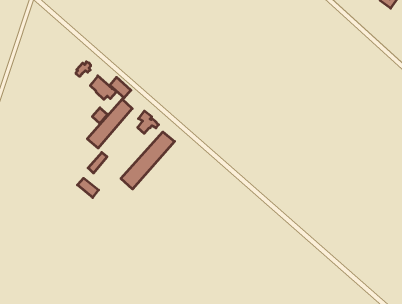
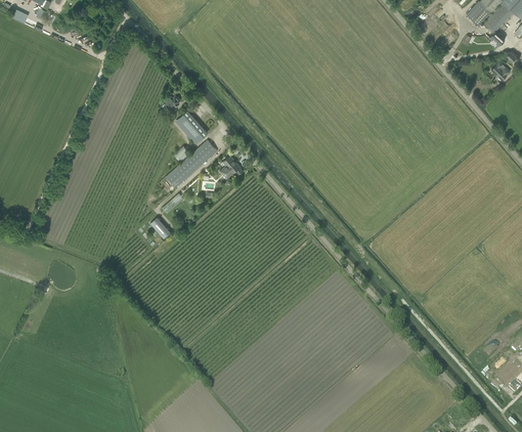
building: [121,132,175,189] -> none

